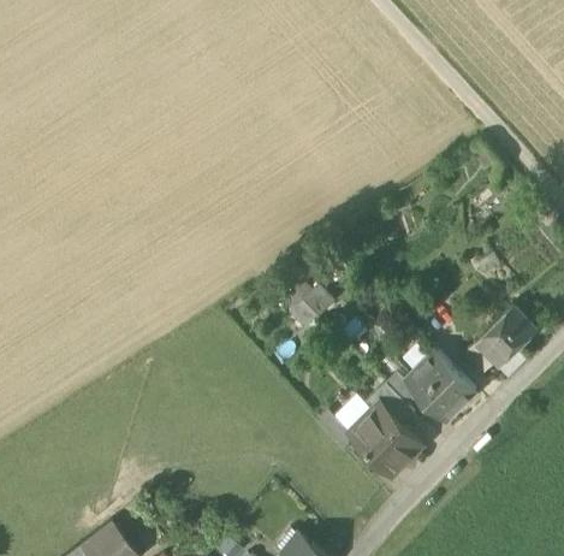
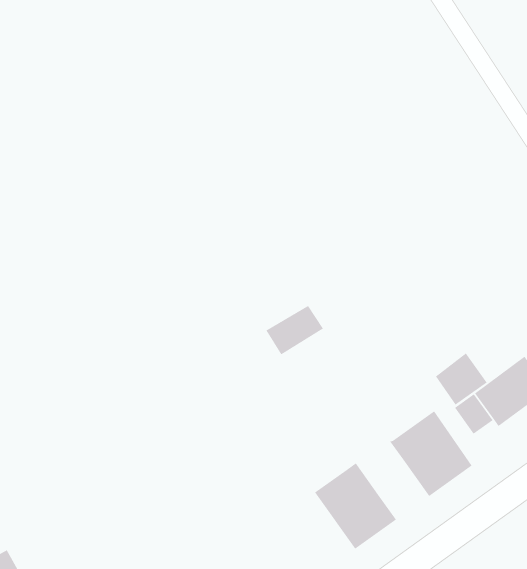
building: none -> [435,353,487,406]
building: [367,373,420,427] -> none

